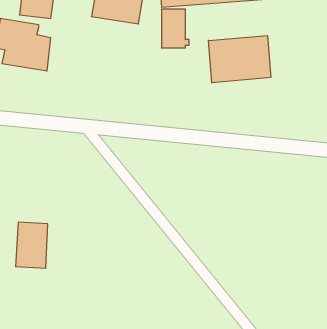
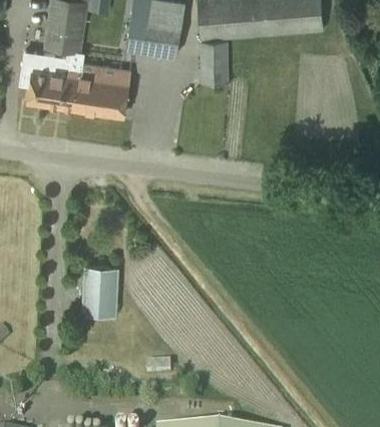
building: [209,36,271,83] -> none
building: none -> [75,71,127,114]
building: [16,222,48,268] -> [81,265,116,315]

